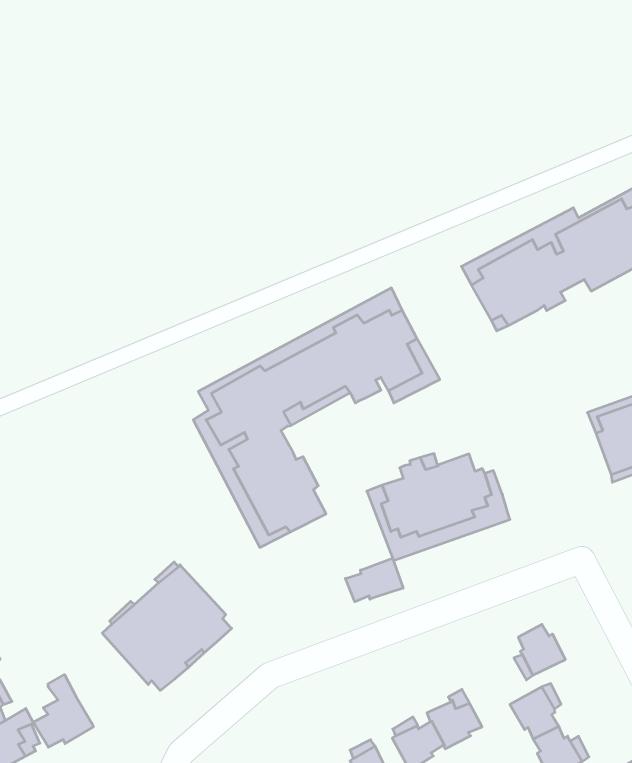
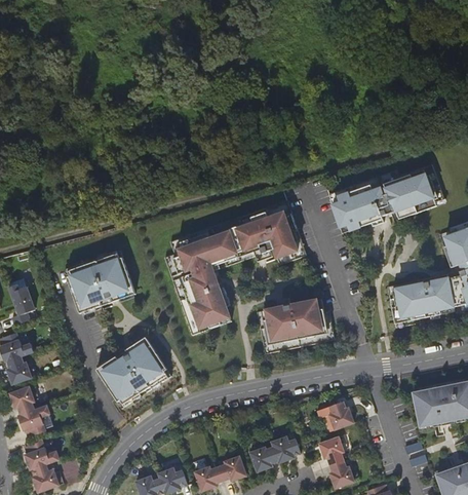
building: none -> [67,252,135,313]
building: [345,558,403,602] -> none
building: [33,675,93,747] -> none

